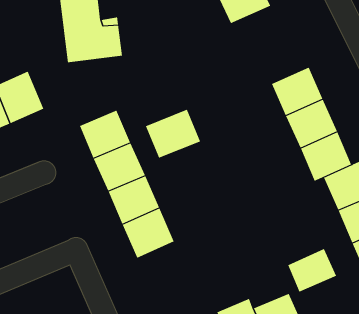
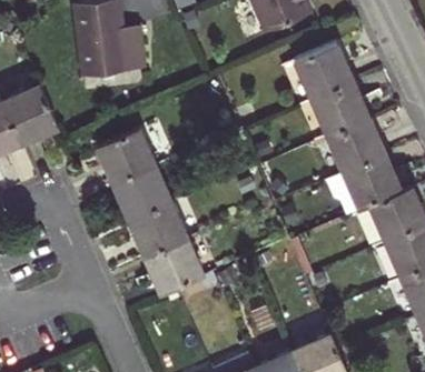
building: none -> [293,42,353,100]
building: [145,109,201,159] -> none
building: [287,248,337,292] -> none

